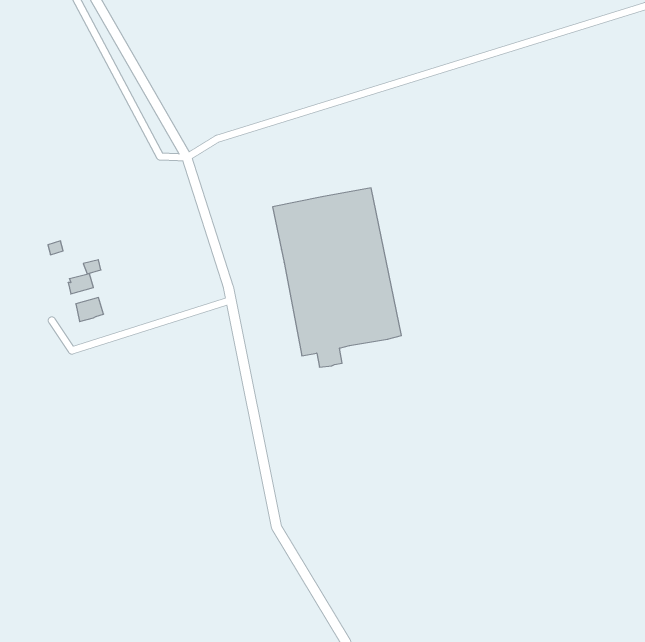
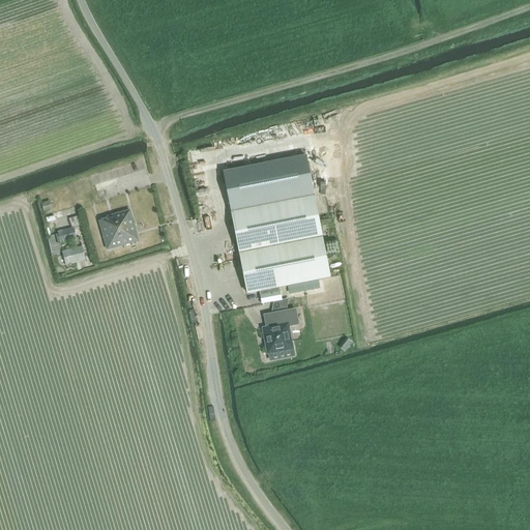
building: none -> [98,207,140,247]
building: none -> [263,306,297,351]

